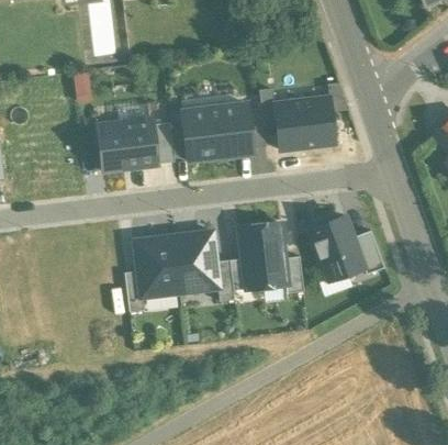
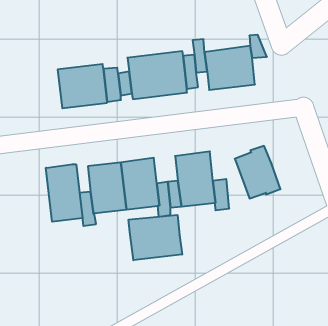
building: [354,230,384,274] -> none
building: none -> [46,164,82,222]
building: none -> [129,215,182,260]

